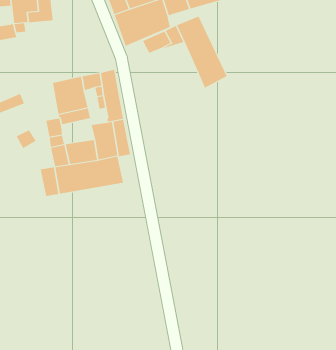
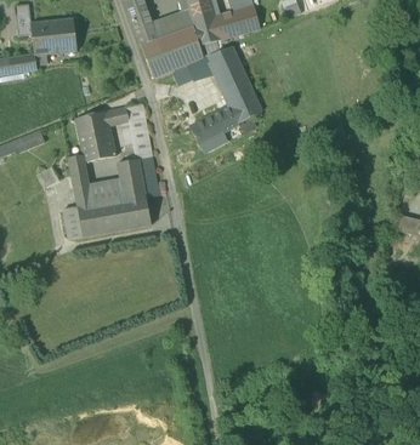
building: none -> [191,105,238,152]

